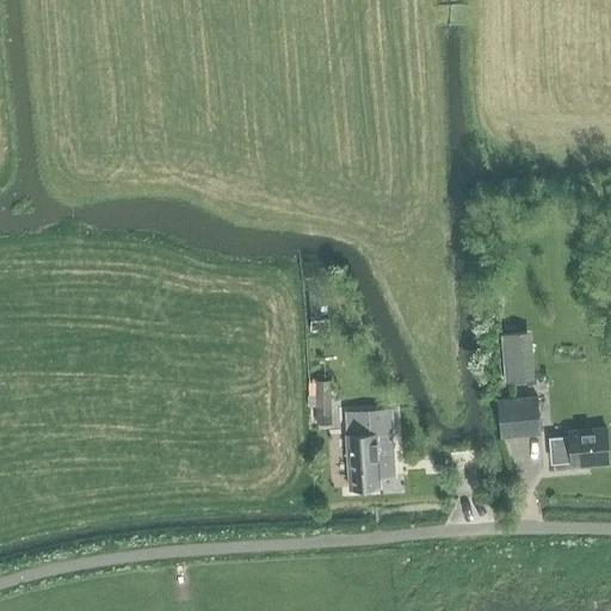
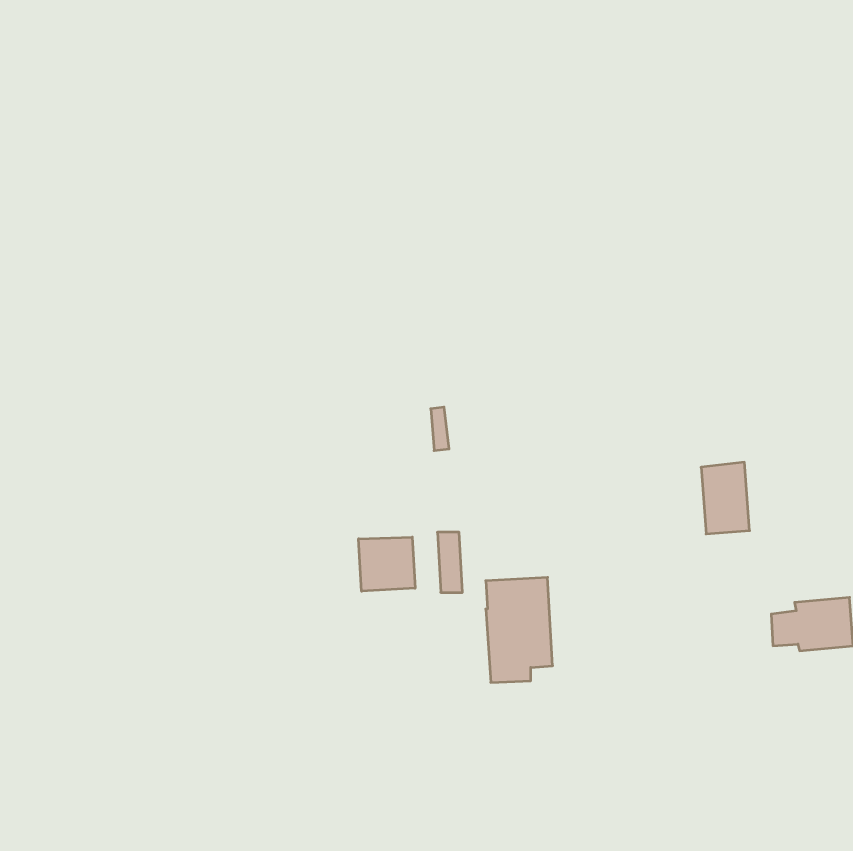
building: none -> [359,537,415,591]
building: [499,397,541,438] -> none

